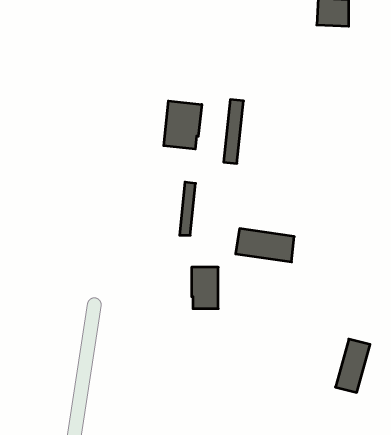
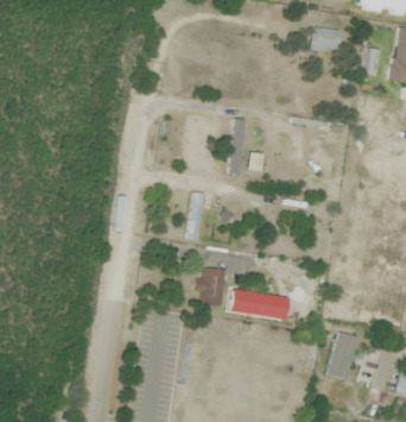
building: [164,101,202,149] -> none
building: [236,229,294,262] -> [231,289,284,319]

